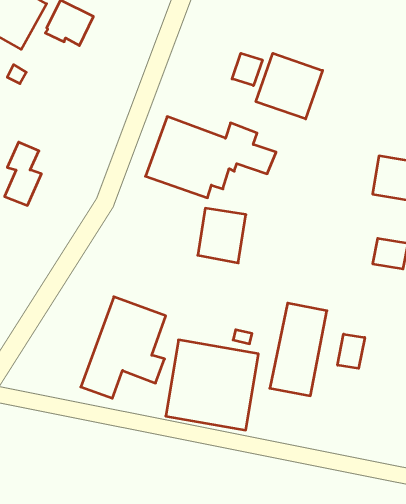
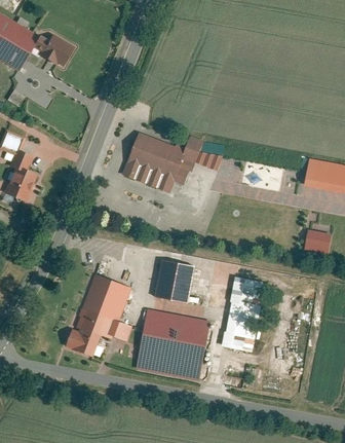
building: [256,53,323,119] -> none
building: [232,53,262,86] -> none
building: [198,208,246,263] -> [155,261,194,305]
building: [338,334,365,368] -> none

